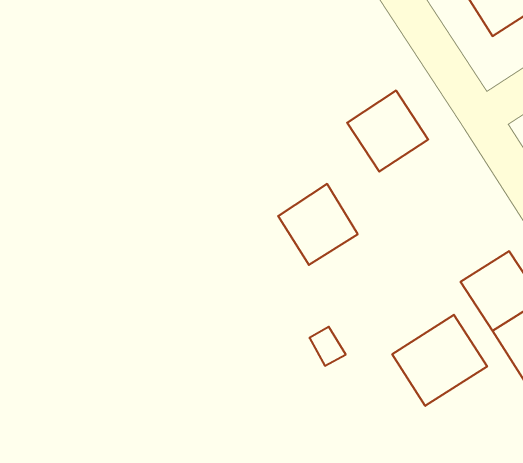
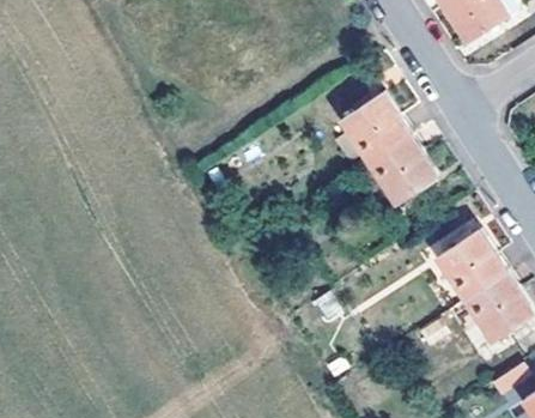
building: [278,184,358,265] -> [369,134,437,204]
building: [392,315,487,406] -> none

